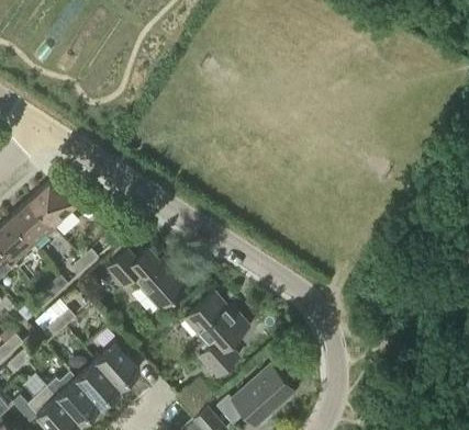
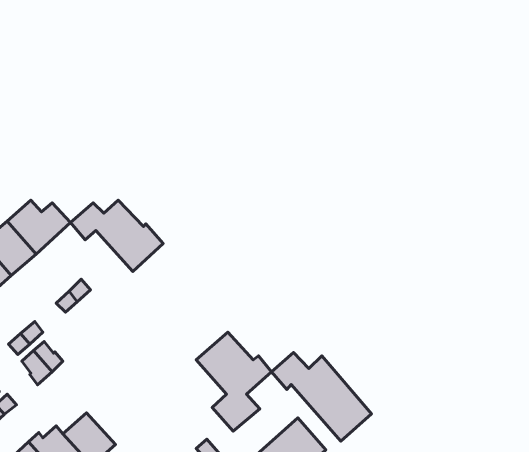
building: [108,251,185,310] -> [71,200,163,271]
building: none -> [272,352,372,441]
building: [94,343,138,388] -> none

